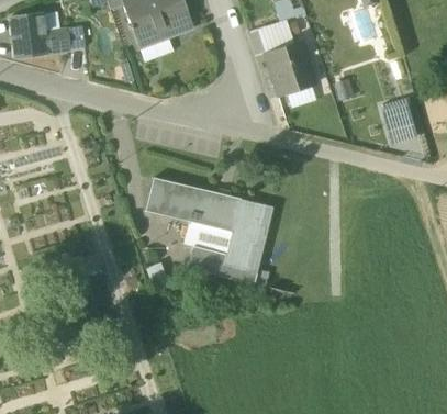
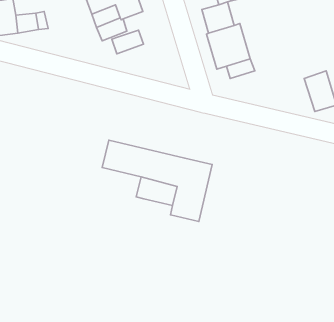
building: none -> [112,30,144,54]
building: [188,245,257,283] -> none

